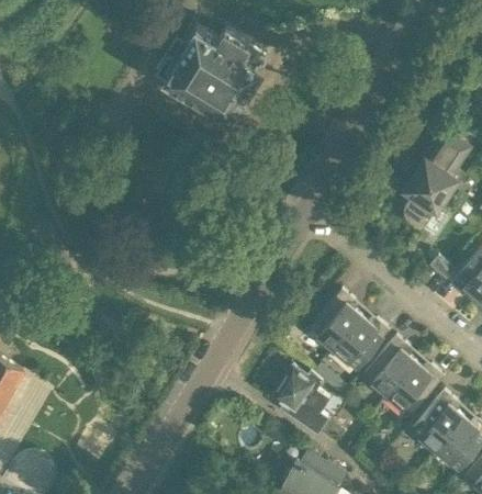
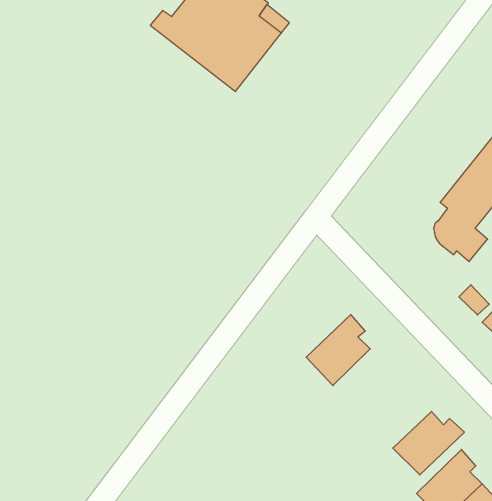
building: [334,317,390,370] -> none
building: [363,337,416,396] -> none
building: [272,368,329,434] -> none

